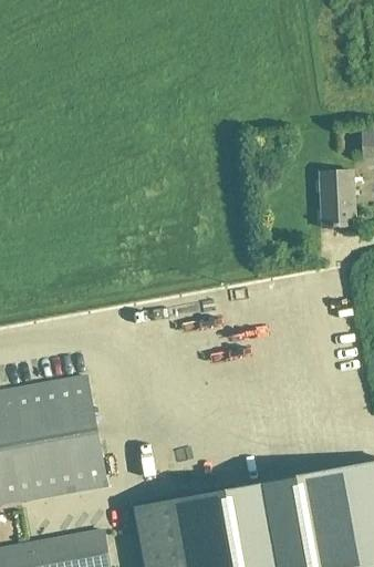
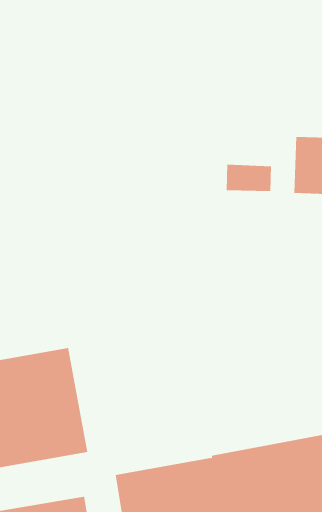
building: none -> [226,164,271,192]

